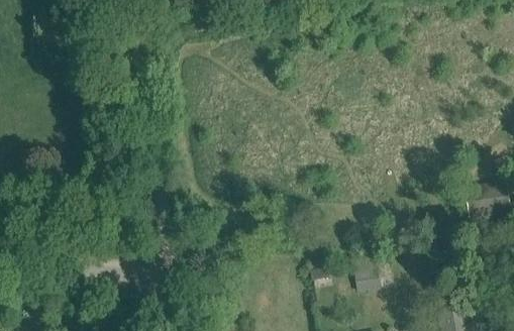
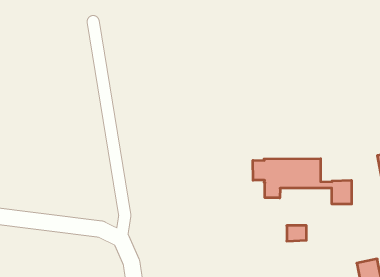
building: none -> [253,159,352,204]

